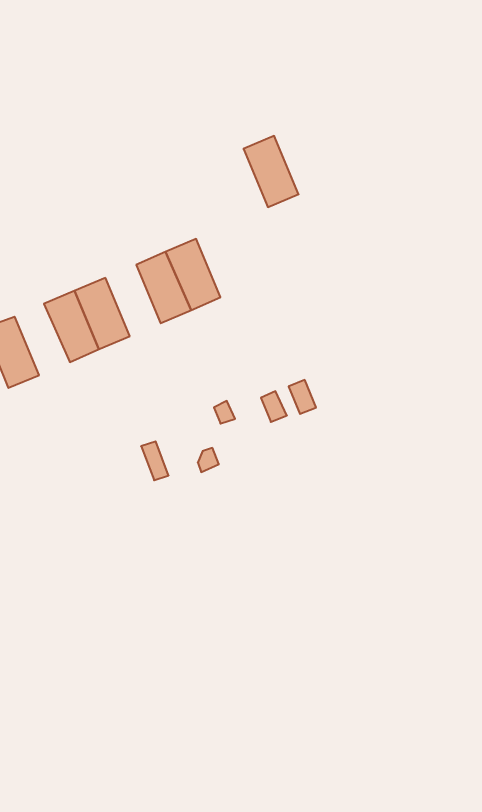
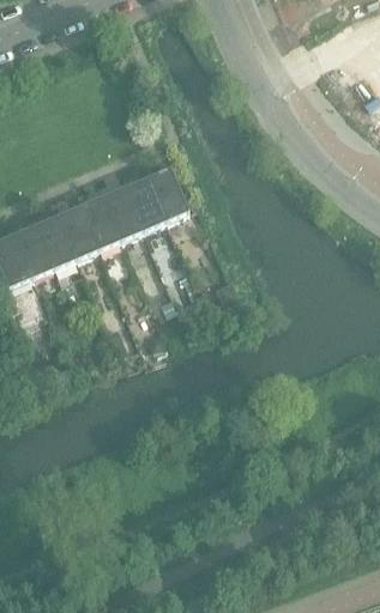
building: [243,136,299,207] -> [147,168,188,220]
building: none -> [80,196,121,249]
building: none -> [13,225,54,278]

